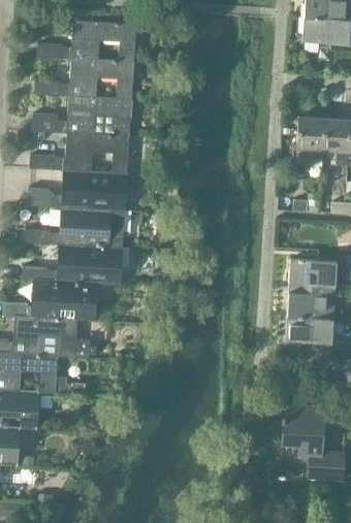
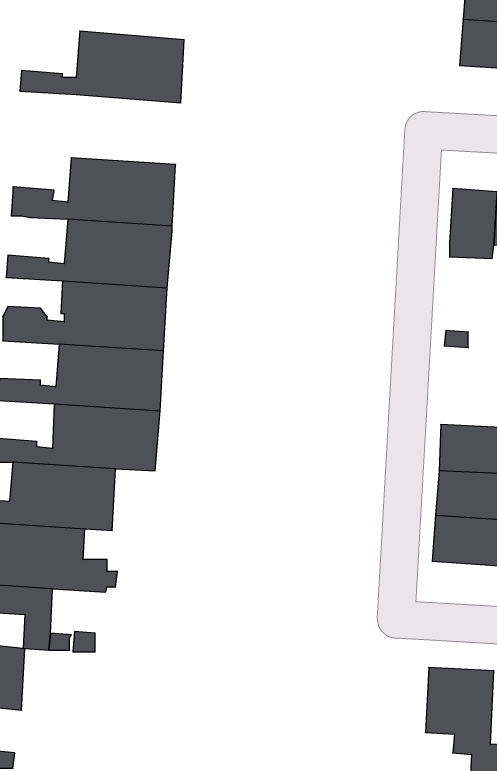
building: [34,59,134,101] -> none

